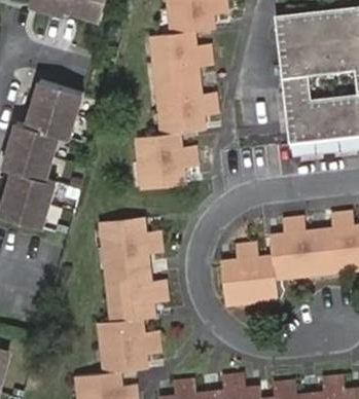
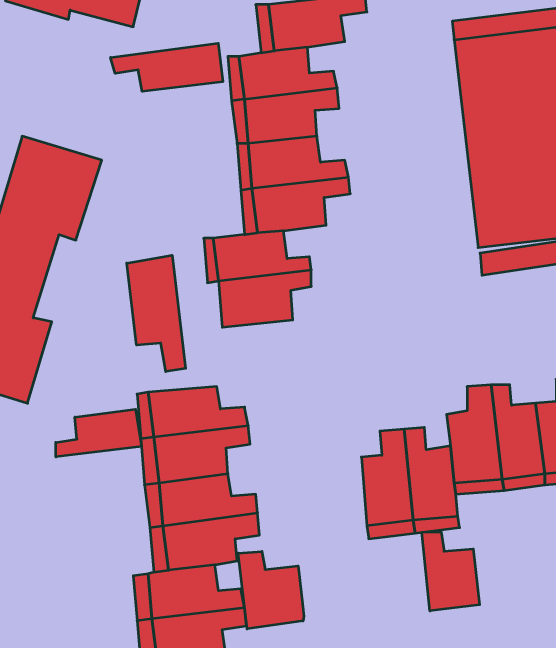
building: none -> [111,43,223,91]
building: none -> [127,255,186,372]
building: none -> [56,409,141,457]
building: none -> [422,532,480,611]
building: none -> [238,551,304,629]

